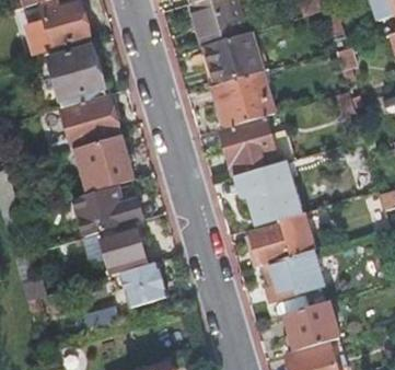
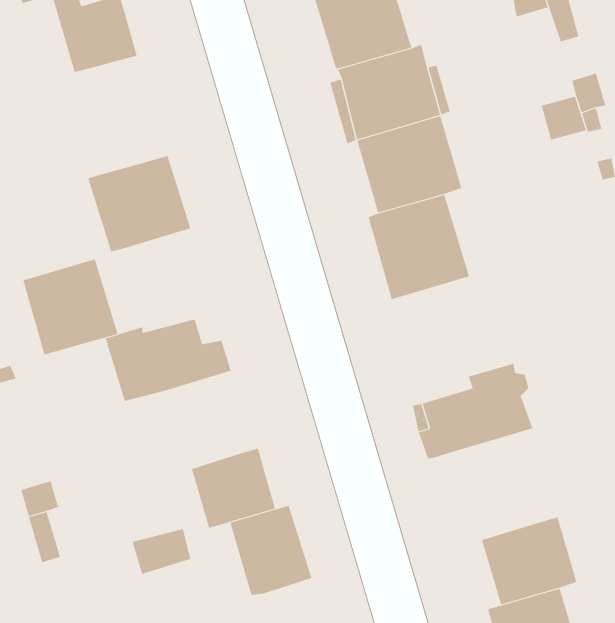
building: [47,46,105,106] -> none
building: [78,136,132,190] -> [23,259,119,355]
building: [232,160,303,227] -> none
building: [98,222,146,274] -> [230,505,312,596]
building: [265,250,324,316] -> none

